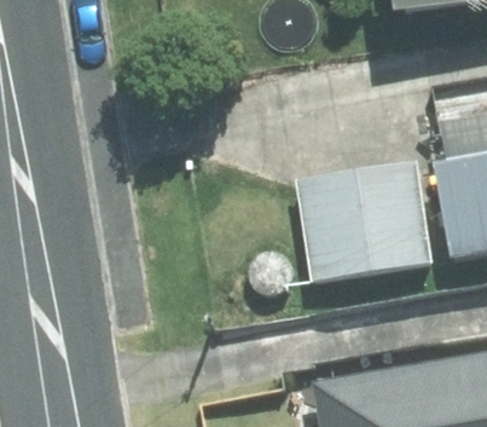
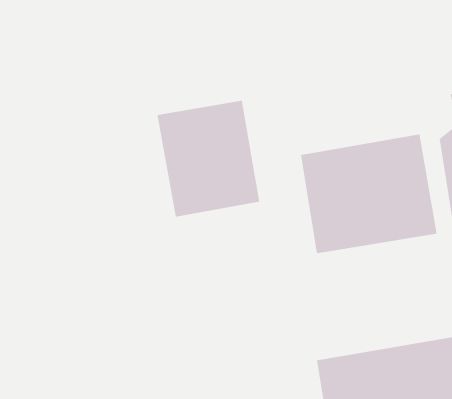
building: none -> [157,100,260,218]

